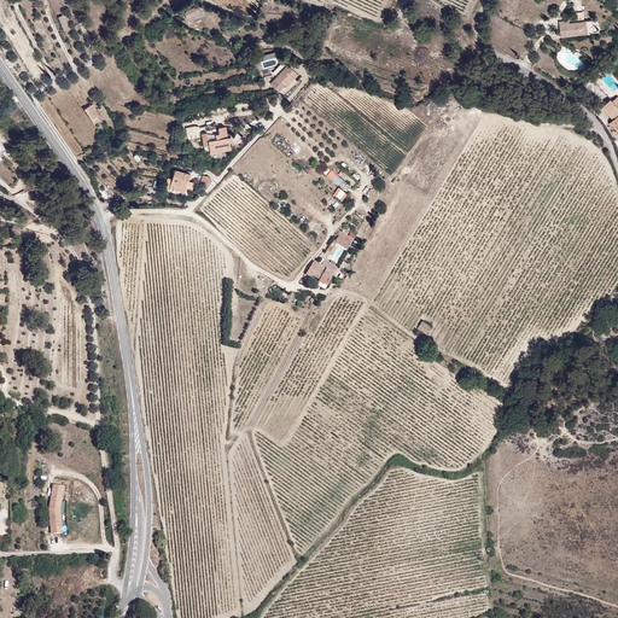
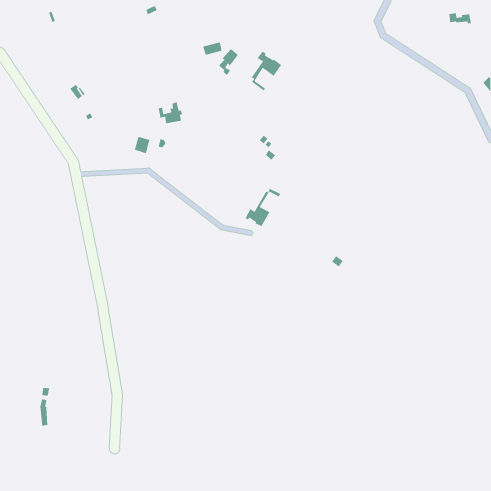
building: none -> [251,50,282,91]

